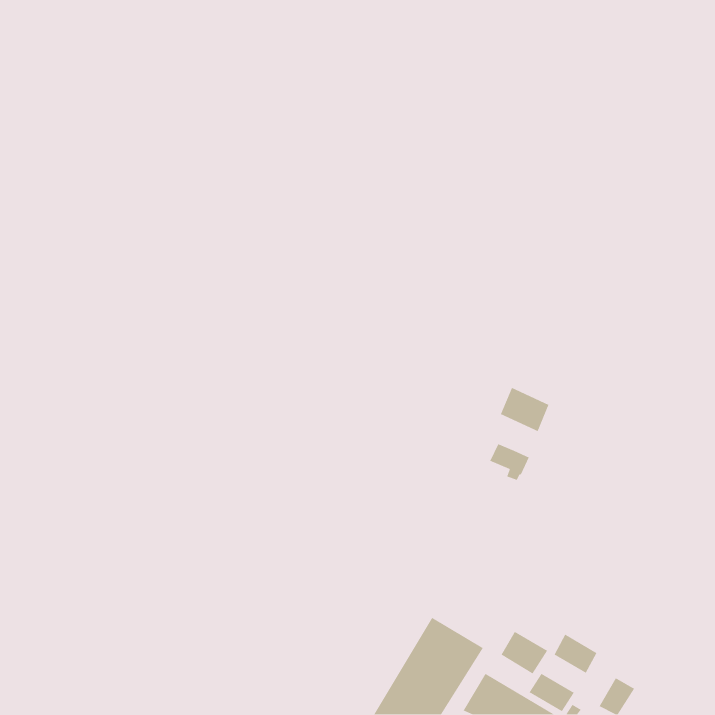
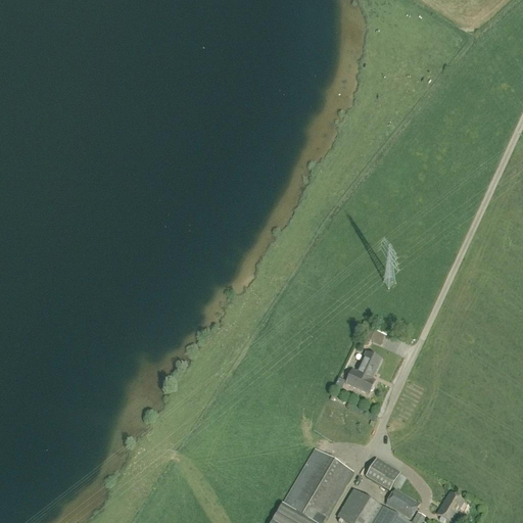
building: [500,387,550,432] -> none
building: none -> [344,354,376,395]
building: [554,634,598,674] -> none

